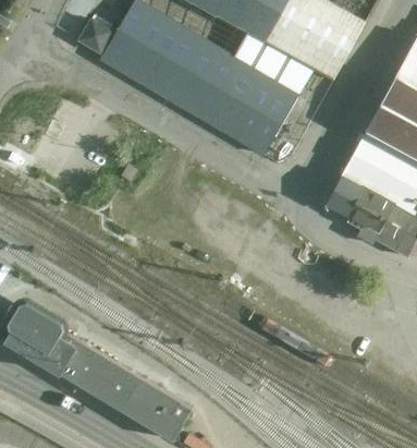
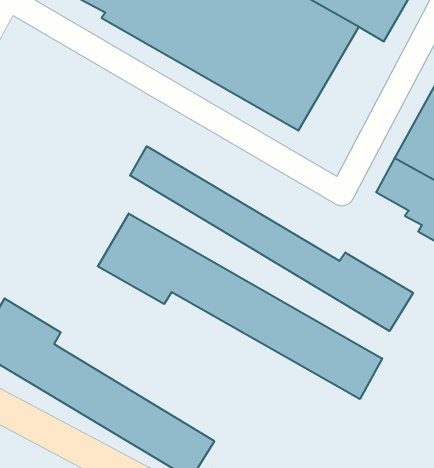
building: none -> [130,146,413,331]
building: none -> [98,213,382,399]

